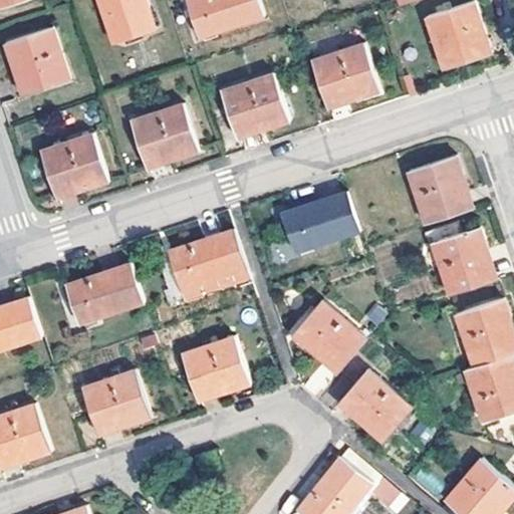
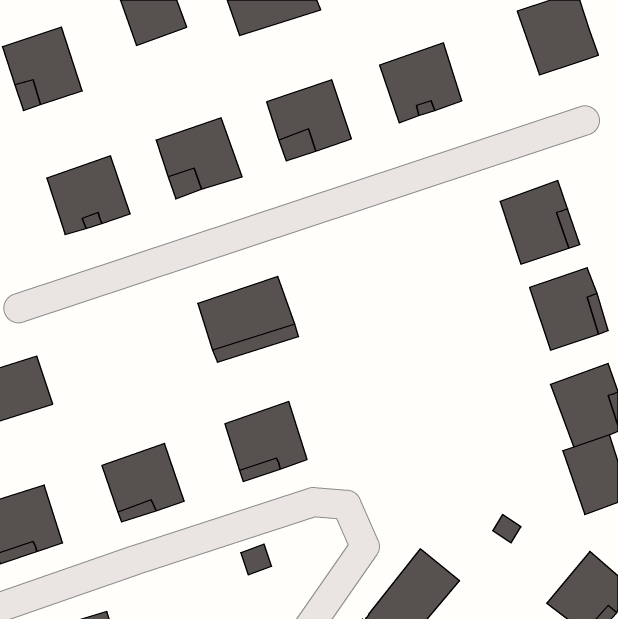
building: [283,191,360,252] -> none
building: [67,263,147,324] -> none
building: [293,300,367,372] -> none
building: [339,370,413,441] -> none

